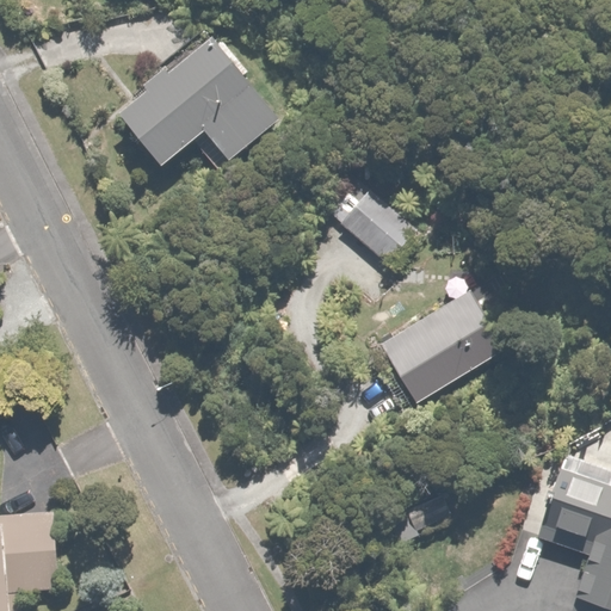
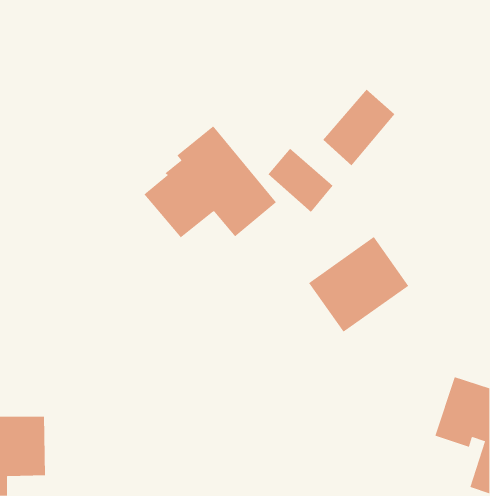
building: [119,27,283,166] -> [144,125,277,238]
building: none -> [323,89,395,166]

